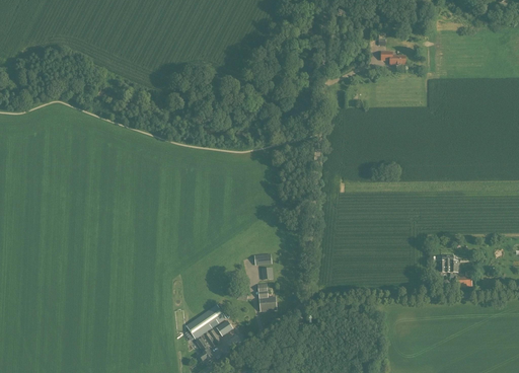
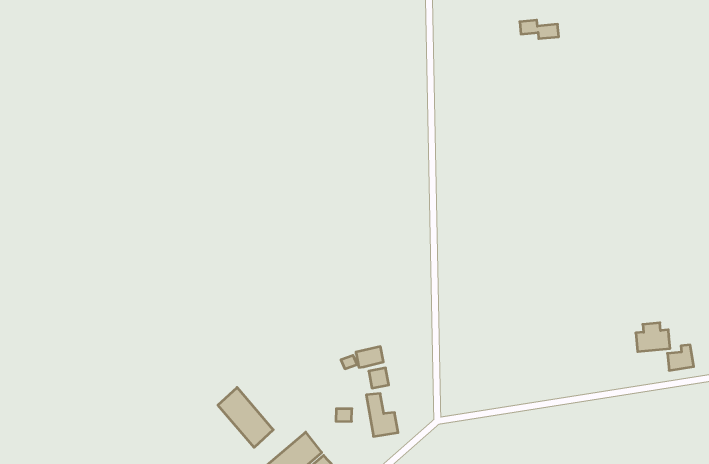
building: none -> [218,387,273,447]

